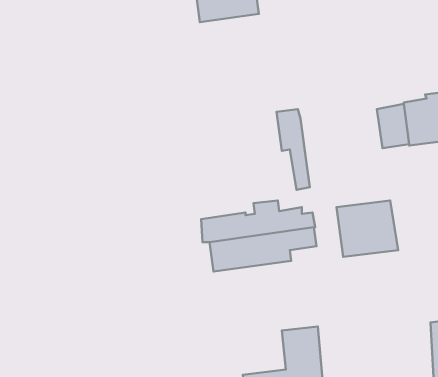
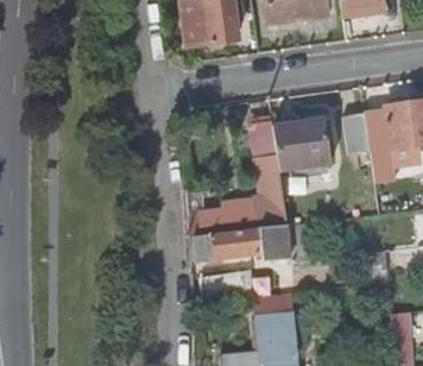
building: [337,200,398,257] -> [274,124,329,173]

